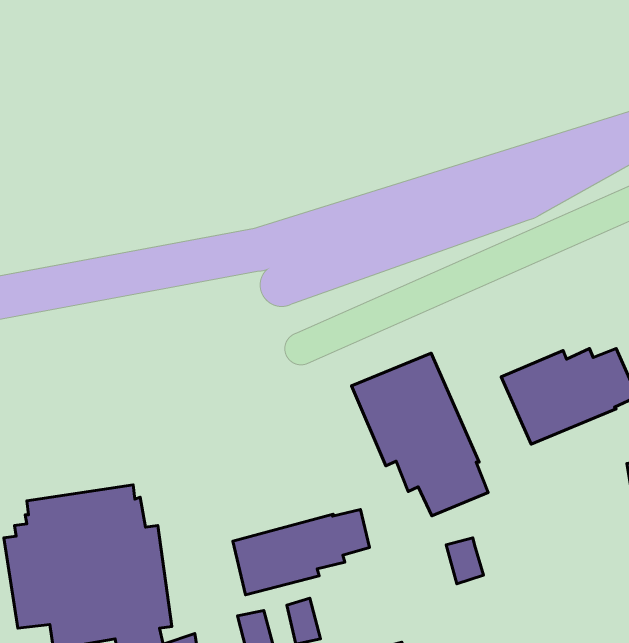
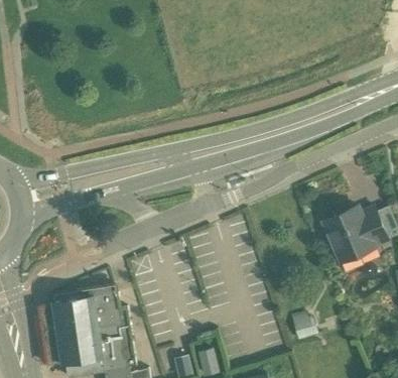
building: [352,353,488,516] -> none
building: [233,509,370,595] -> none

